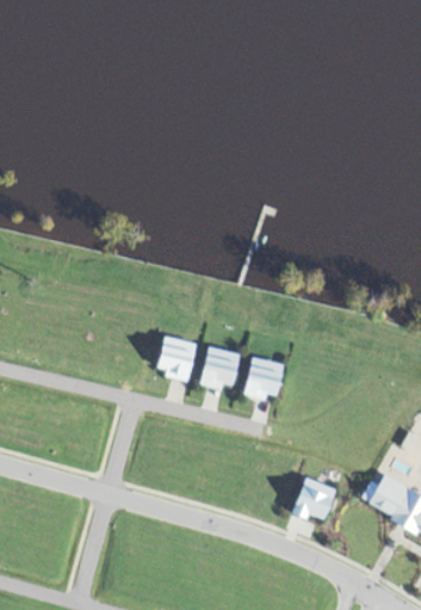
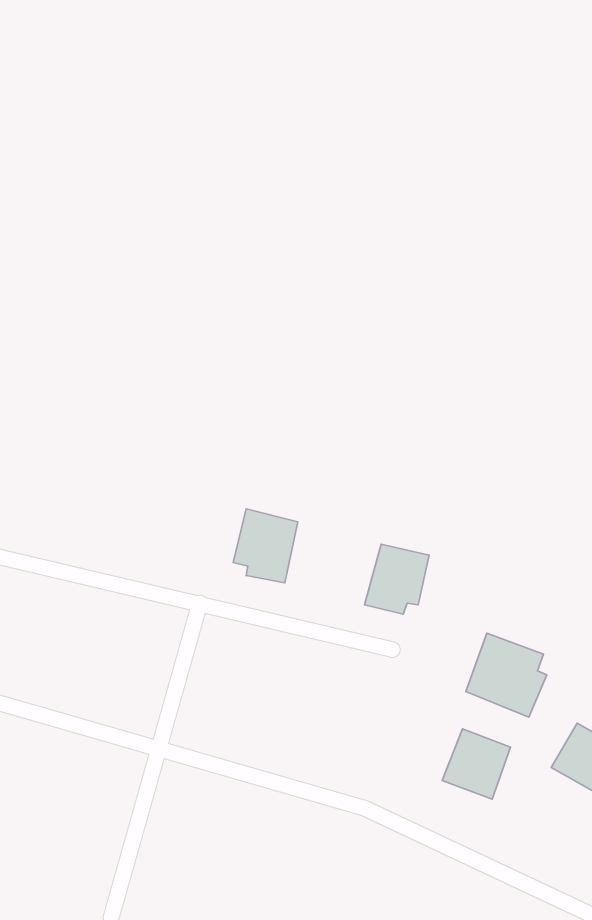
building: [199,345,241,392] -> none
building: none -> [466,633,547,717]

